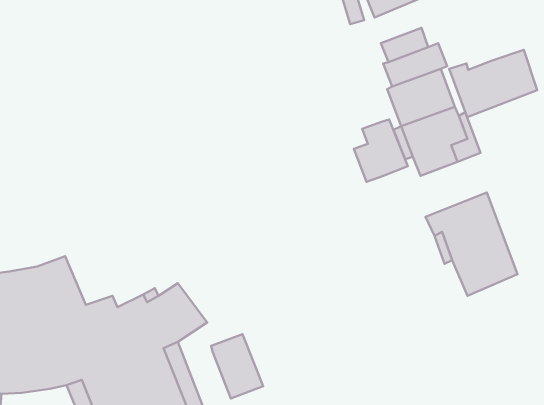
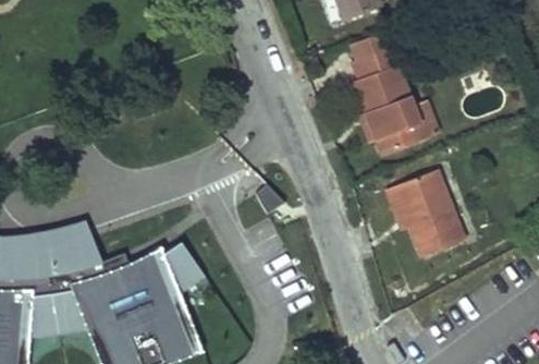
building: [449,50,537,117] -> none
building: [354,119,408,182] -> none
building: [211,334,263,399] -> none

